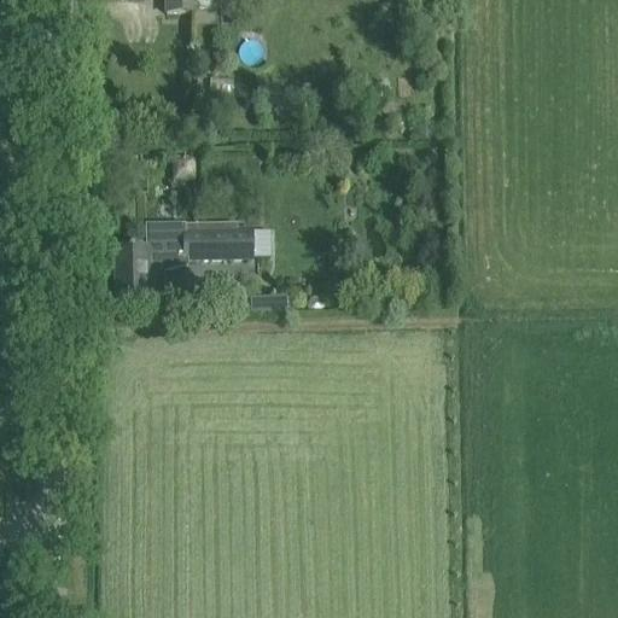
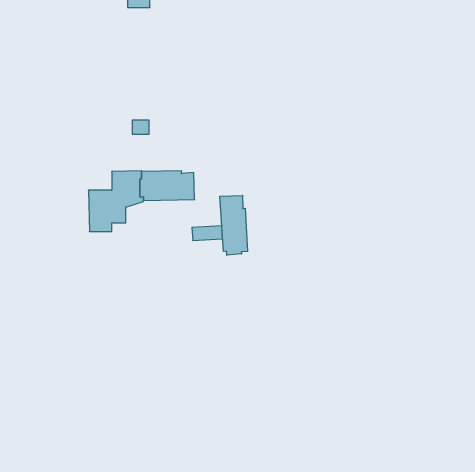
building: none -> [220,195,248,255]

